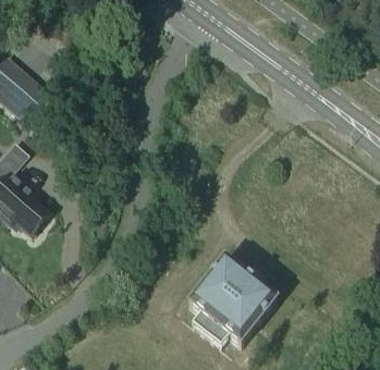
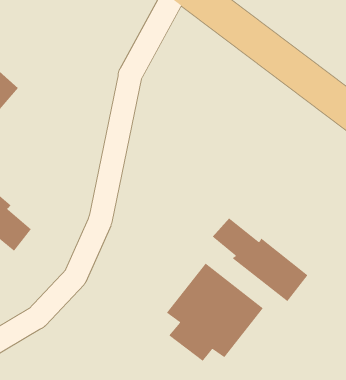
building: none -> [212,218,309,302]

